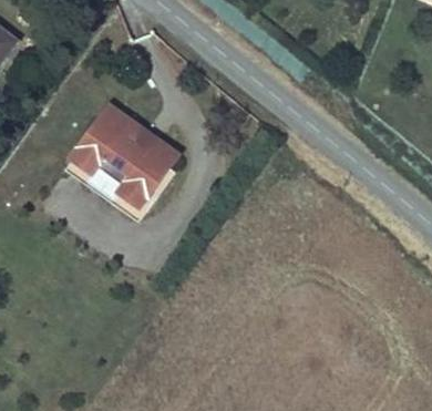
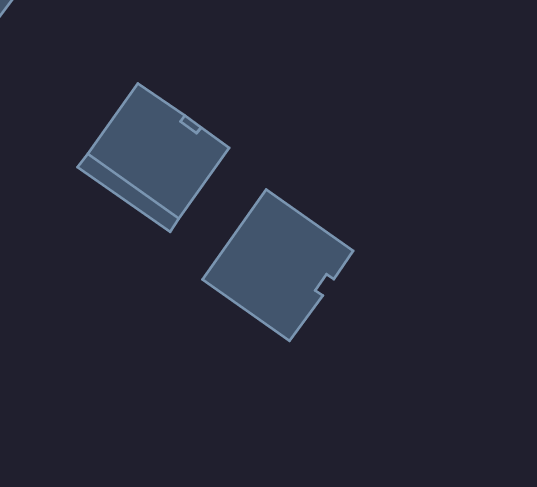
building: none -> [202,189,353,341]

